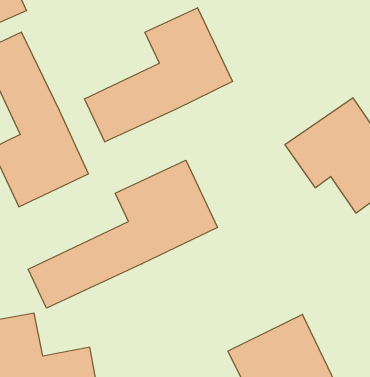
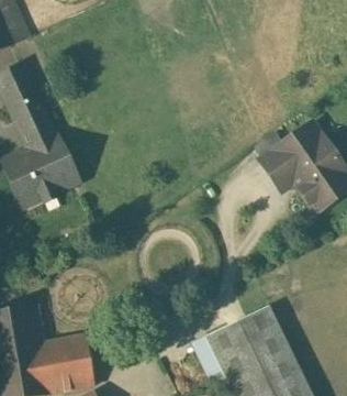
building: [85,8,232,142] -> none
building: [28,160,217,308] -> none

